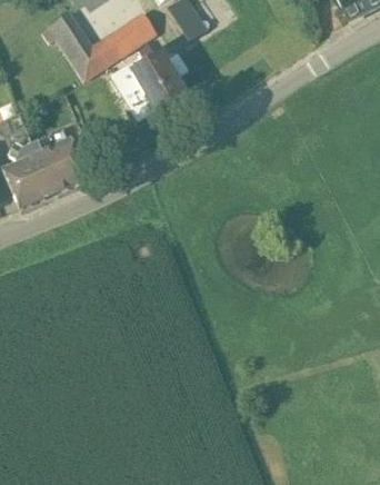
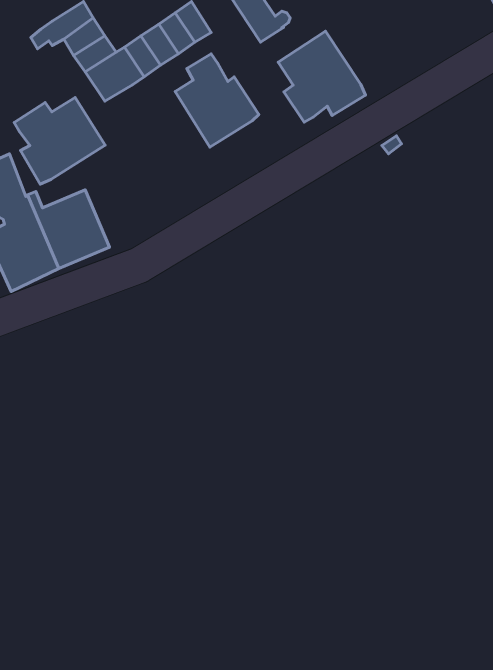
building: none -> [278,31,366,122]
building: none -> [14,97,105,184]

